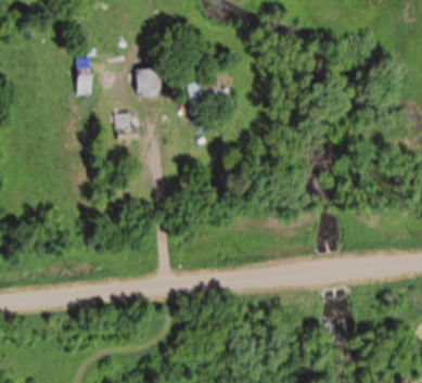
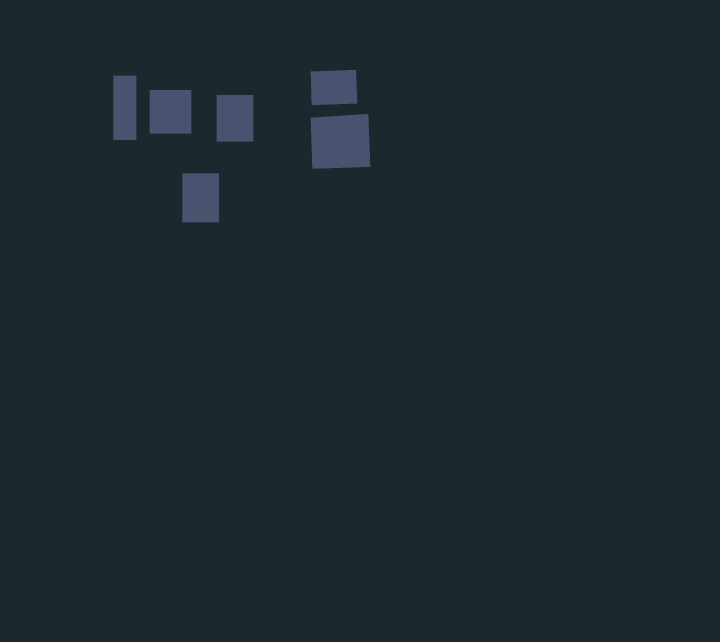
building: none -> [310,69,358,106]
building: none -> [149,89,192,135]

